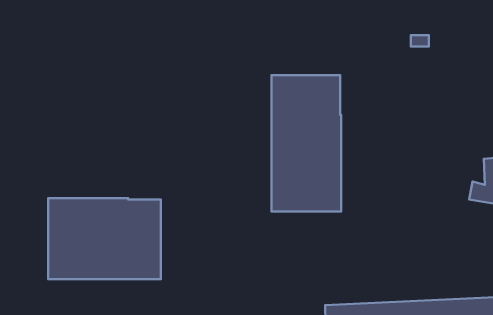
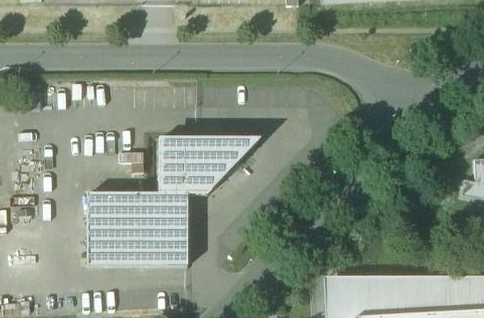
building: [271,75,341,212] -> none
building: none -> [158,137,259,193]

